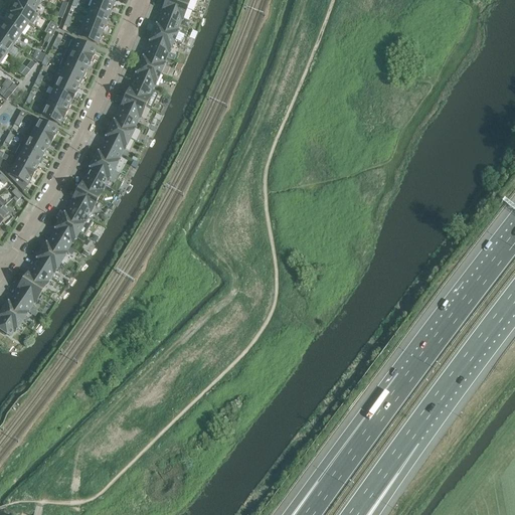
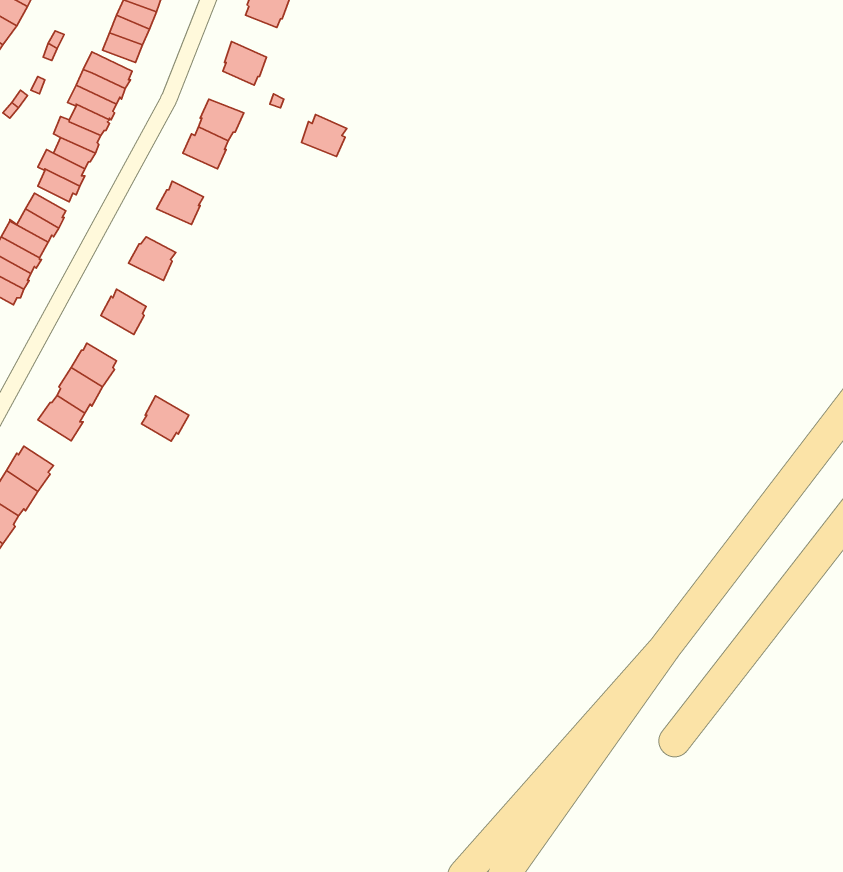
building: [154,14,180,38] -> none
building: [141,46,167,70] -> [302,115,347,156]
building: [120,94,146,119] -> none
building: [105,126,131,151] -> none
building: [88,157,115,182] -> none
building: [70,187,98,213] -> [142,396,189,441]
building: [34,247,61,274] -> none

